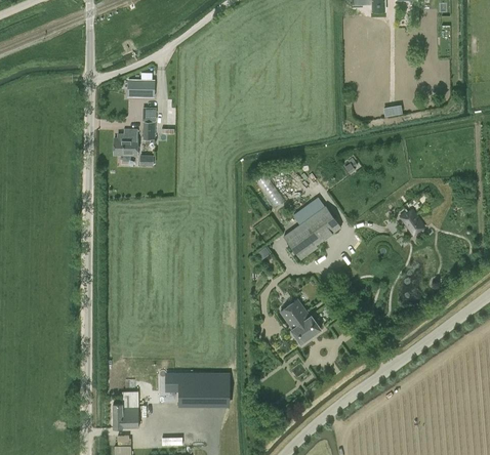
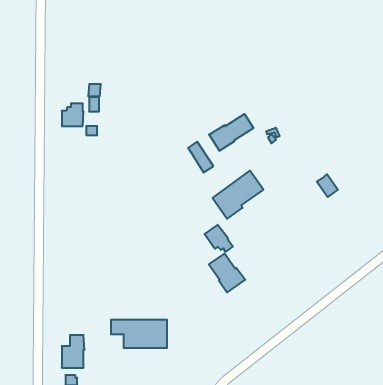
building: [128,80,156,97] -> none
building: none -> [209,114,253,151]
building: none -> [205,225,233,252]

